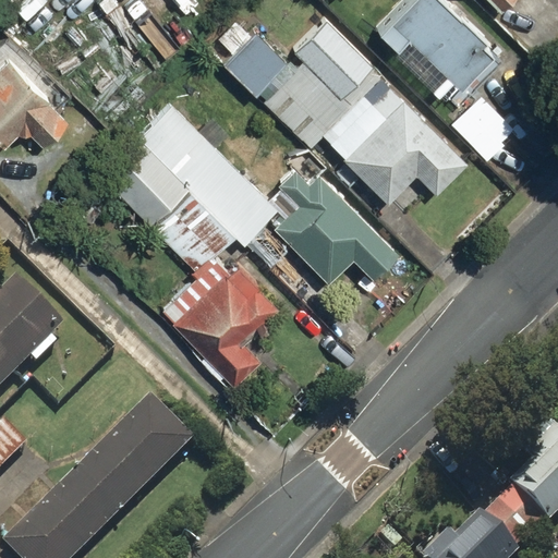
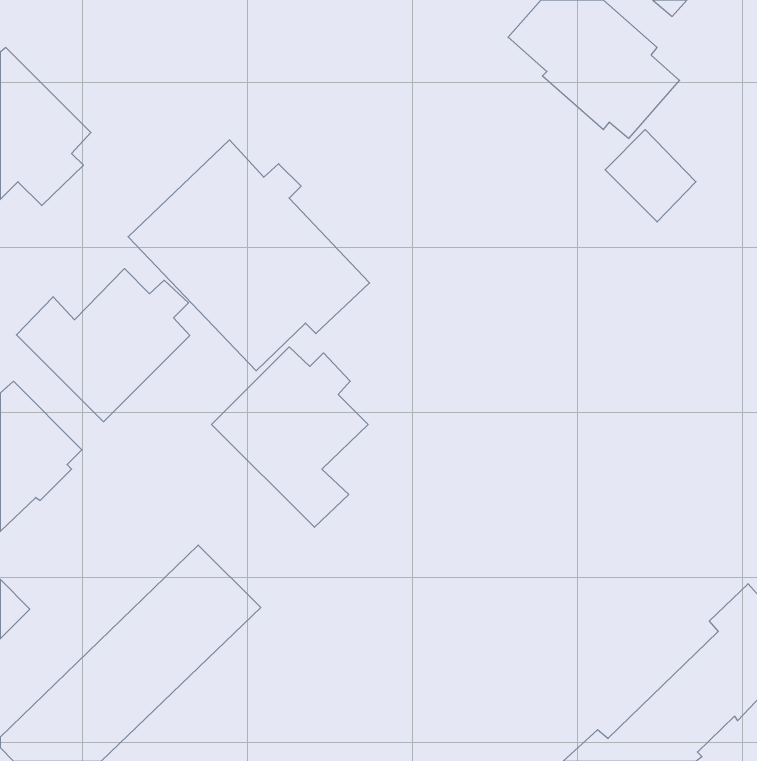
building: [215,17,372,165] -> none
building: [336,85,464,207] -> none
building: [274,163,396,281] -> none
building: none -> [16,269,190,422]

